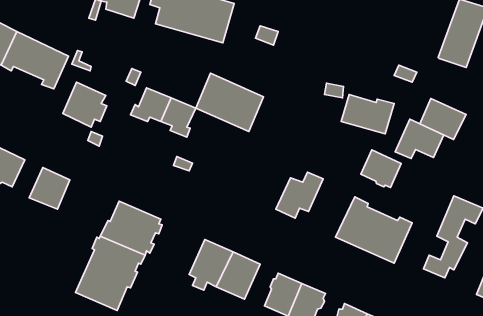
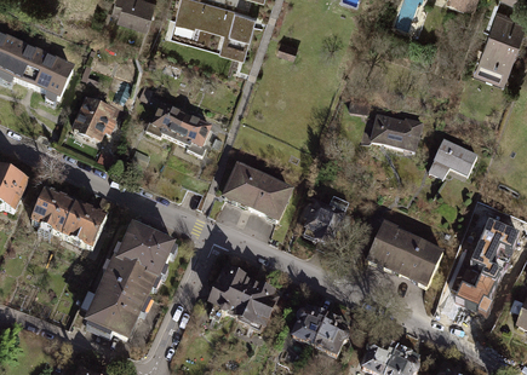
building: [196,73,264,132] -> [220,163,293,226]
building: [420,99,466,139] -> none
building: [361,150,401,188] -> none
building: none -> [63,203,108,249]

